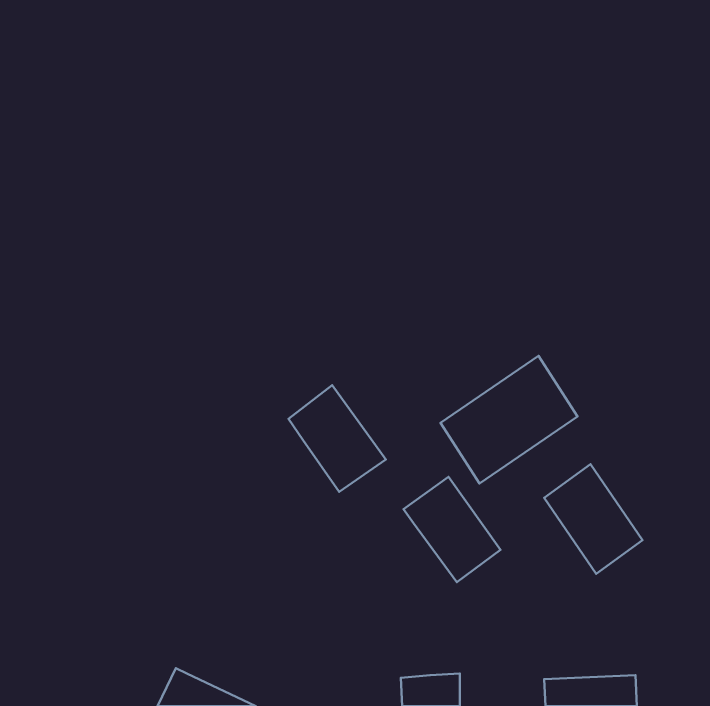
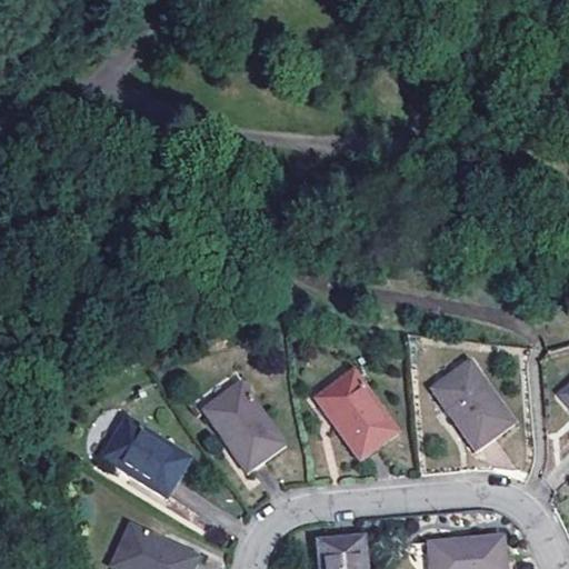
building: [441,356,578,484] -> none
building: [289,385,386,492] -> [208,385,284,469]
building: none -> [113,426,201,503]

